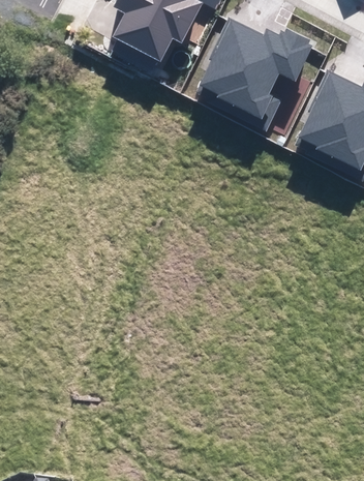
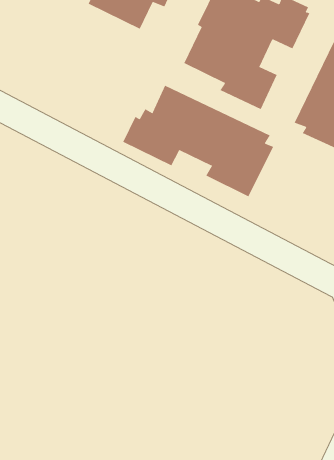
building: none -> [123,85,274,197]

